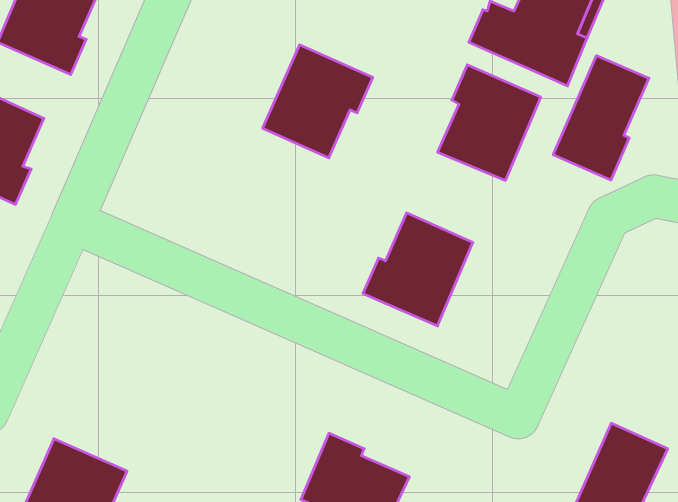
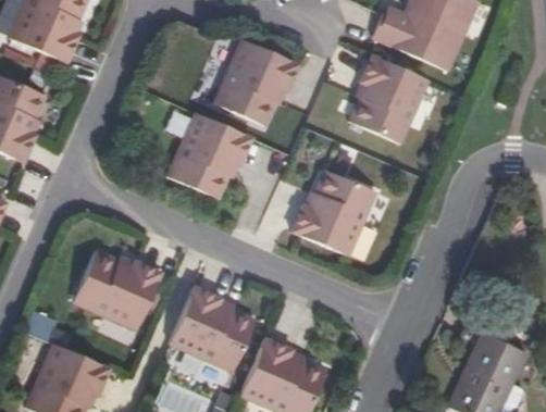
building: [553,56,649,180] -> none
building: none -> [166,111,251,198]
building: none -> [73,249,161,327]
building: none -> [169,285,255,370]

